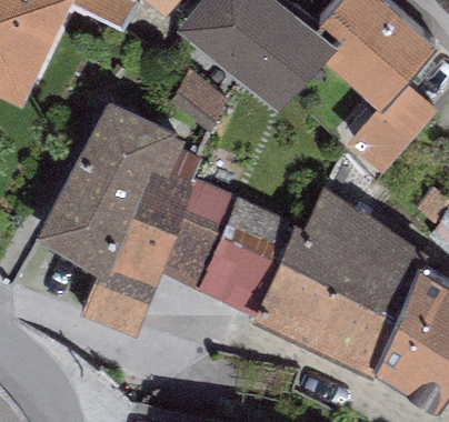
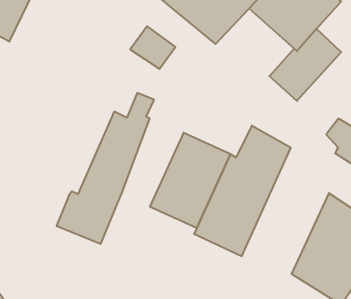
building: [38,107,186,280] -> none
building: [162,184,239,294] -> none
building: [312,221,430,388] -> none

